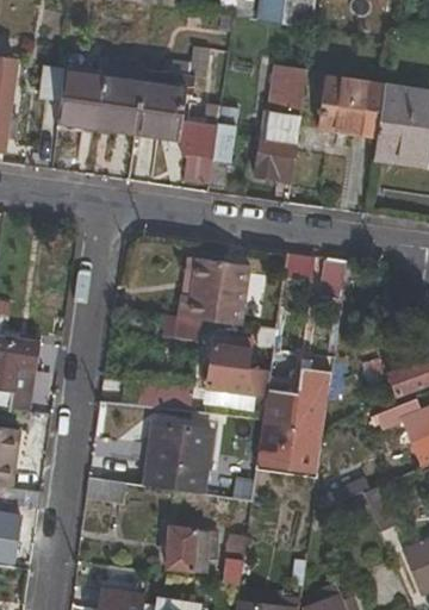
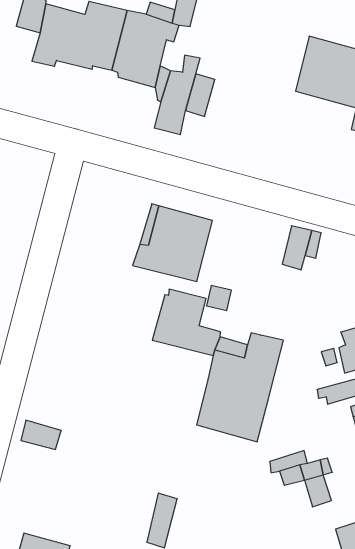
building: [255,68,305,181] -> none
building: [150,419,212,494] -> none
building: [166,527,220,572] -> none

